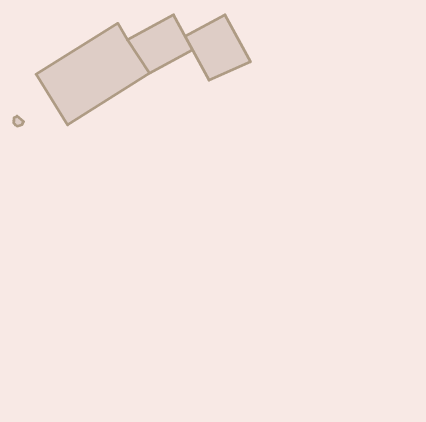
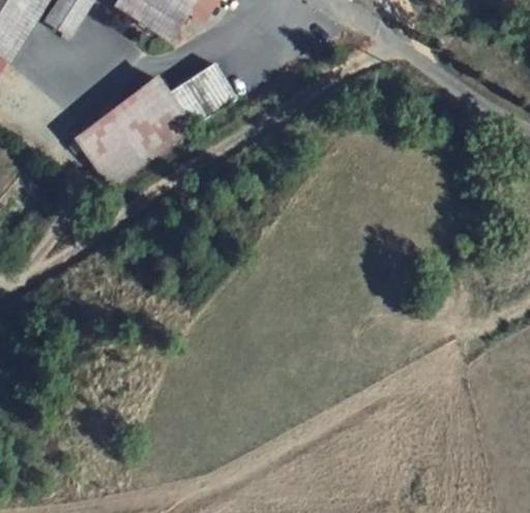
building: [185,15,250,80] -> none

